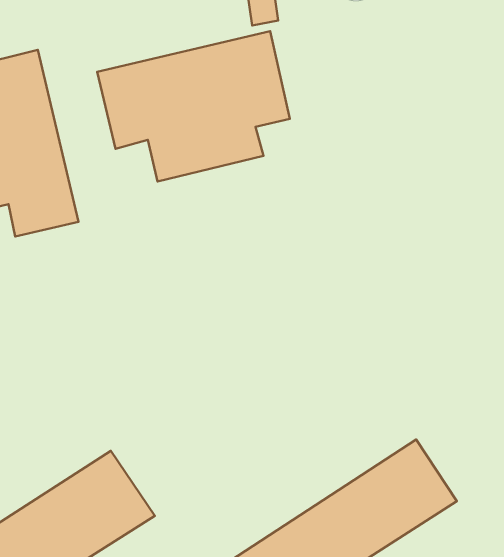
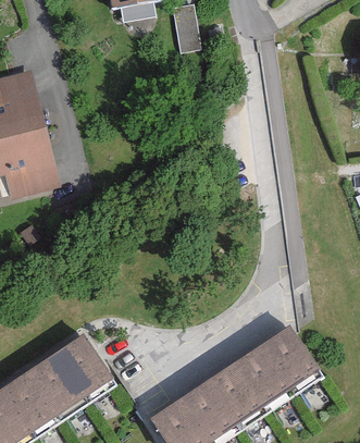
building: [97,31,290,182] -> none

